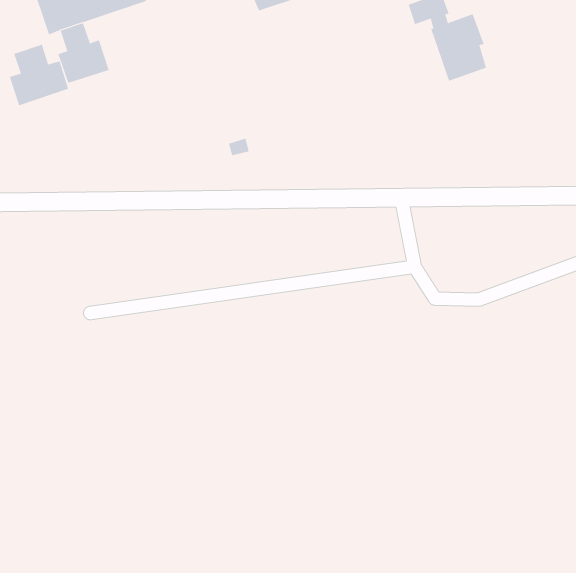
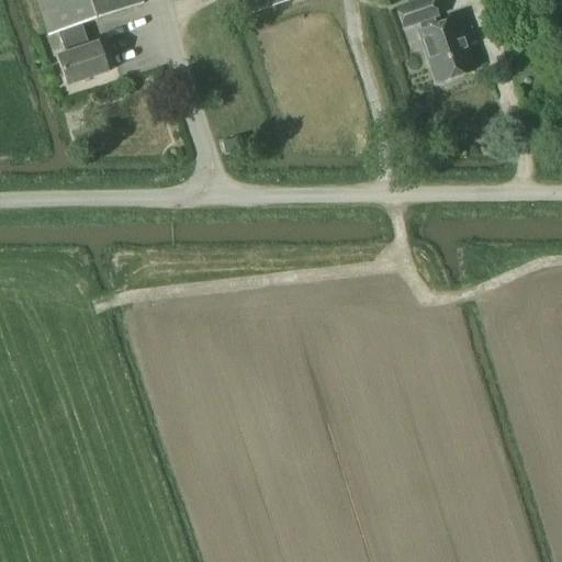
building: [9,44,69,106] -> none

